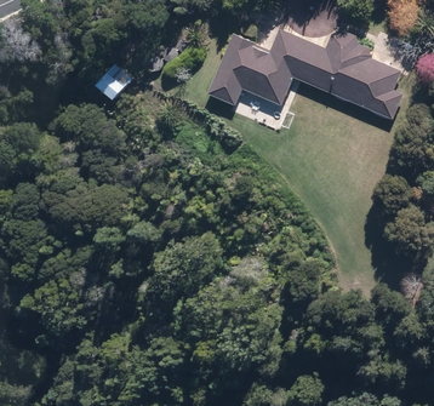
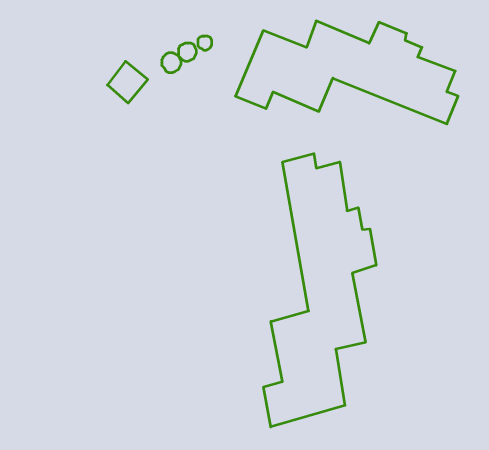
building: none -> [264,154,376,427]

